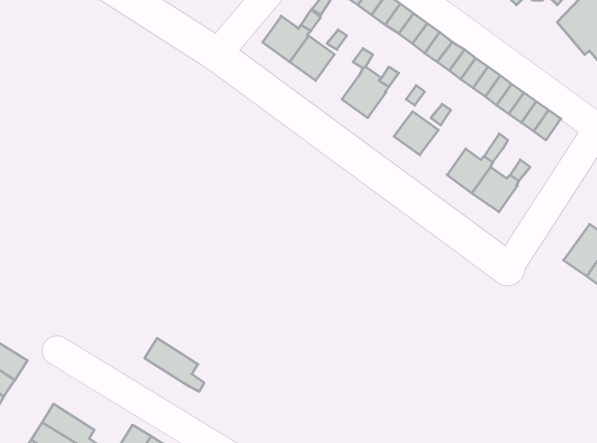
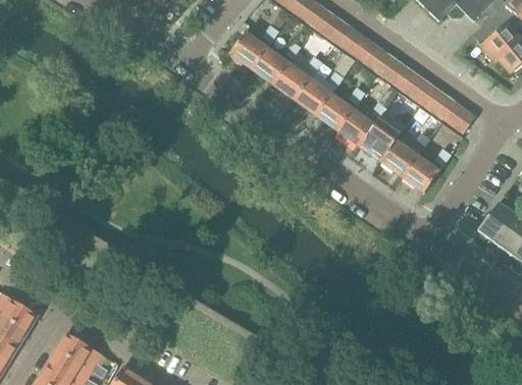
building: none -> [274,63,311,100]
building: none -> [317,94,354,130]
building: none -> [360,125,398,162]
building: [145,338,204,391] -> [58,334,107,378]

